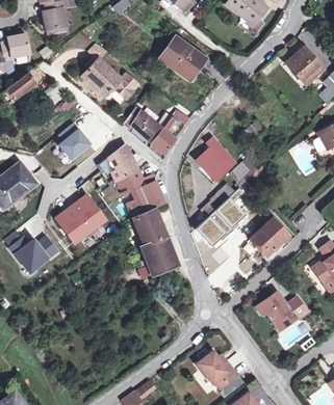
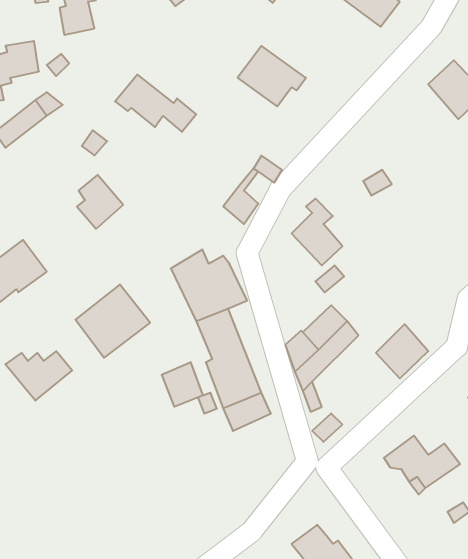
building: [126,108,162,142] -> none
building: [106,146,138,183] -> none
building: none -> [162,362,203,407]

